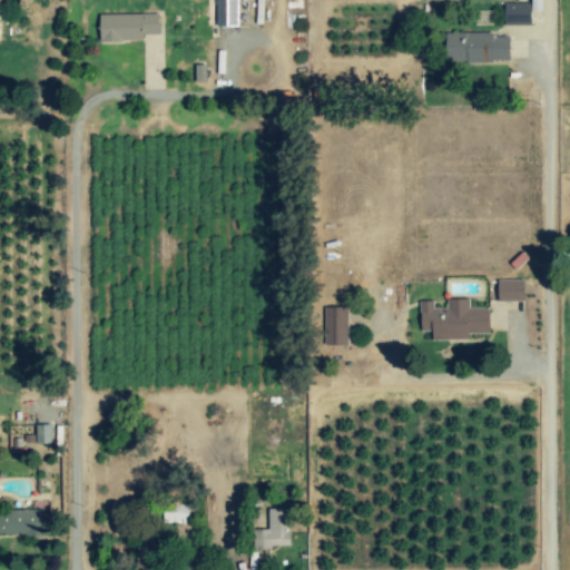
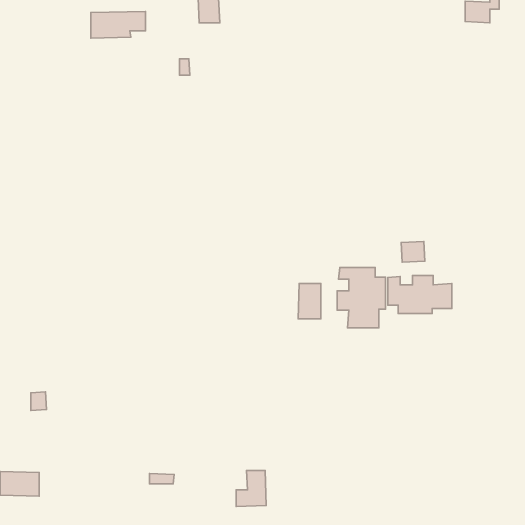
building: [445,31,512,62] -> none
building: [498,278,523,301] -> [401,241,425,262]
building: none -> [337,267,386,328]

